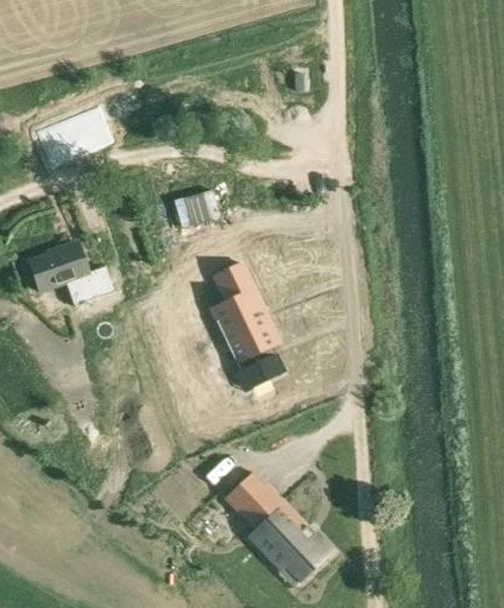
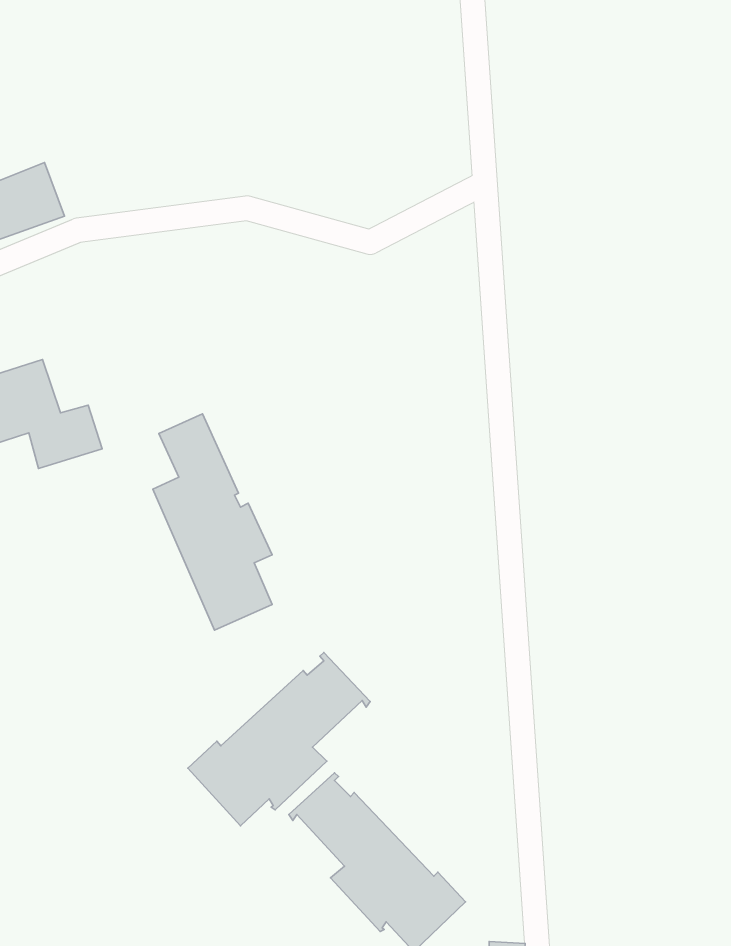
building: [207,249,278,379] -> [153,414,272,630]
building: none -> [188,653,370,826]

